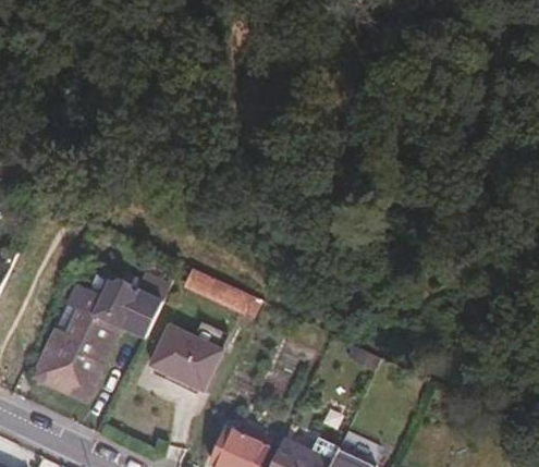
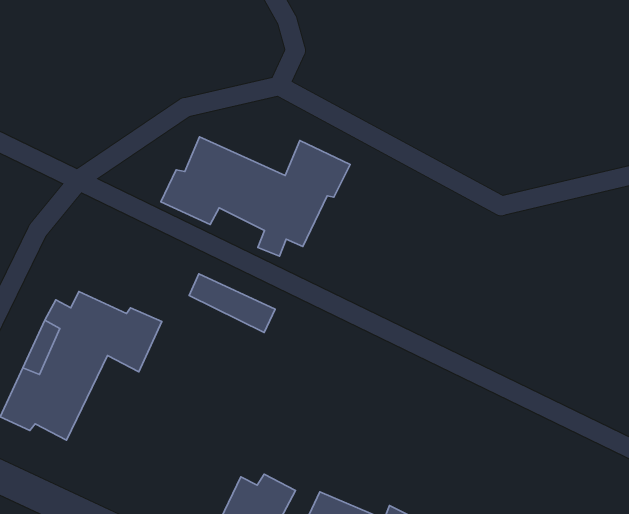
building: none -> [161,137,350,256]
building: [151,325,220,390] -> none

